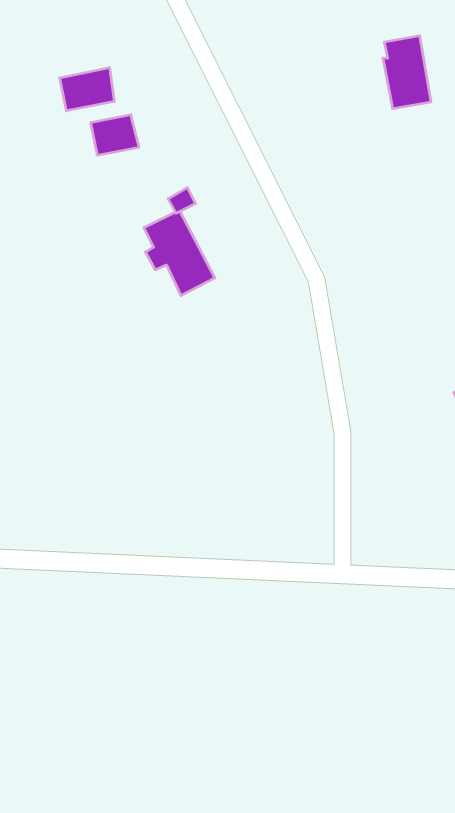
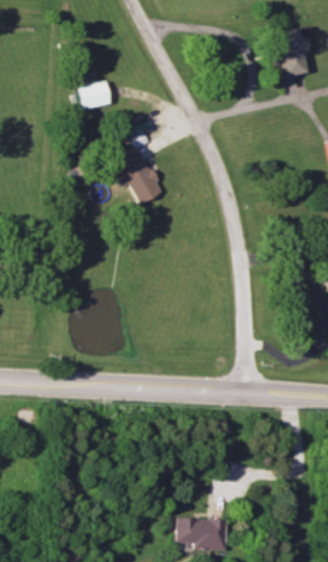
building: [60,67,114,111] -> none
building: none -> [176,518,226,550]

